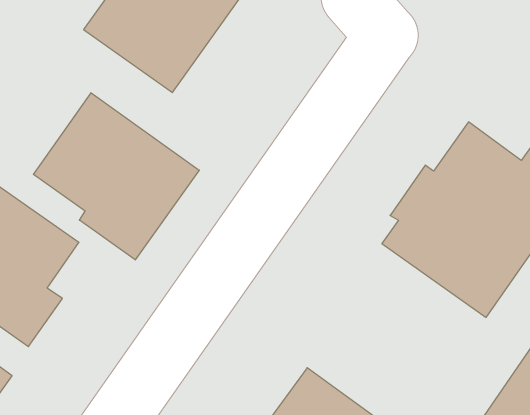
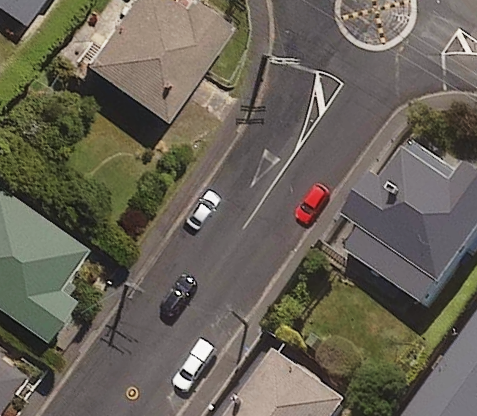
building: [33,93,199,260] -> none

